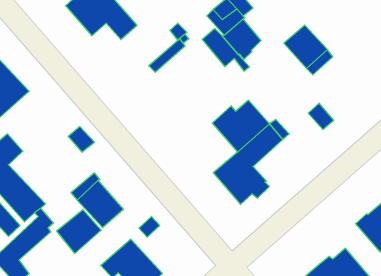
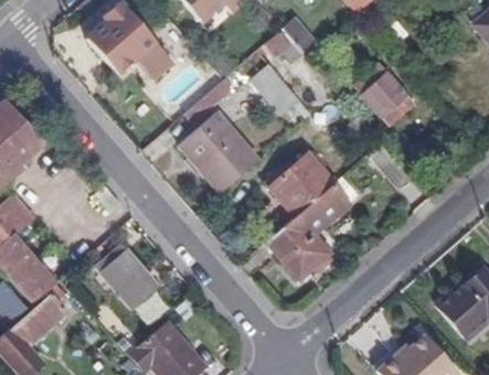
building: none -> [179,111,255,191]
building: [57,209,101,253] -> none

